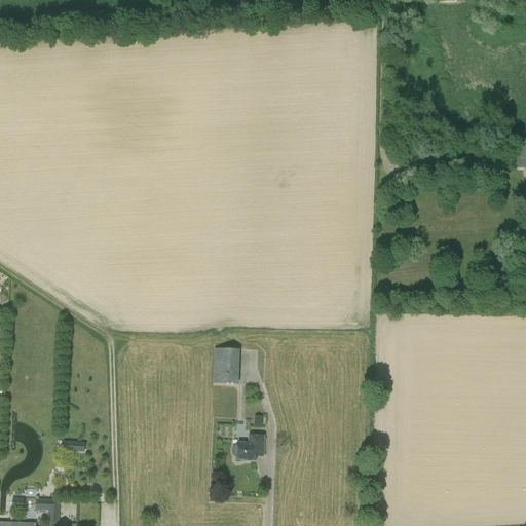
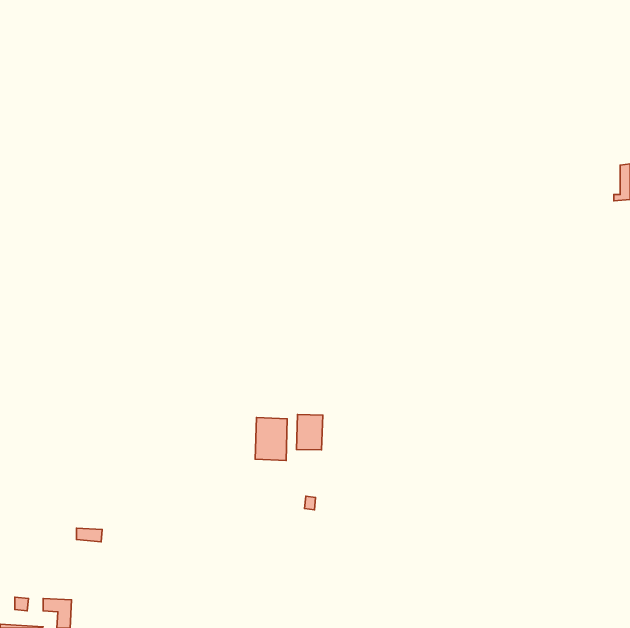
building: none -> [296,415,323,450]
building: [231,435,264,461] -> none

